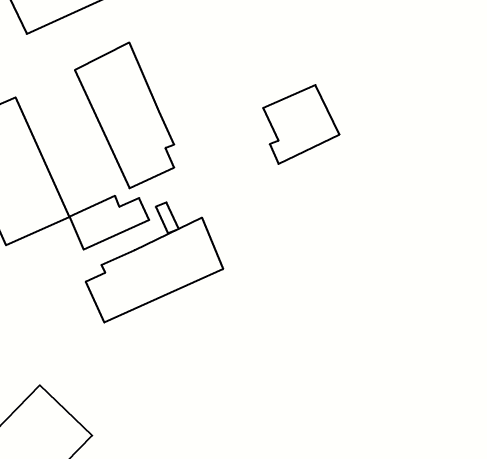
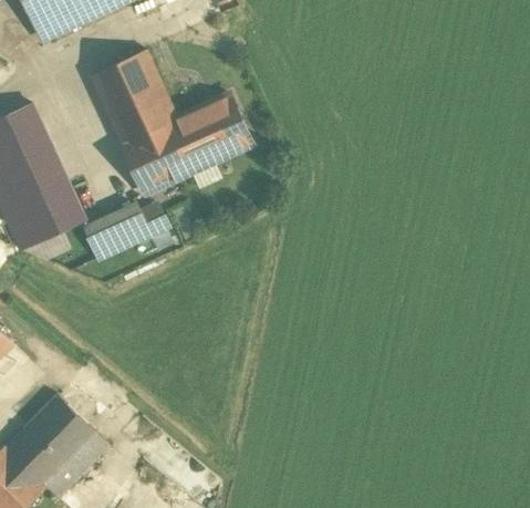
building: [263,85,340,164] -> [177,94,254,174]
building: [86,218,223,323] -> none

